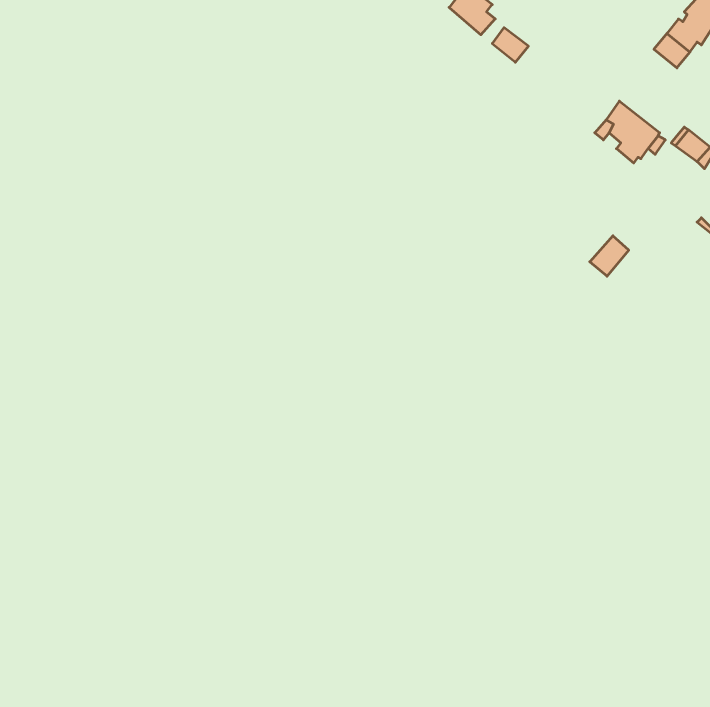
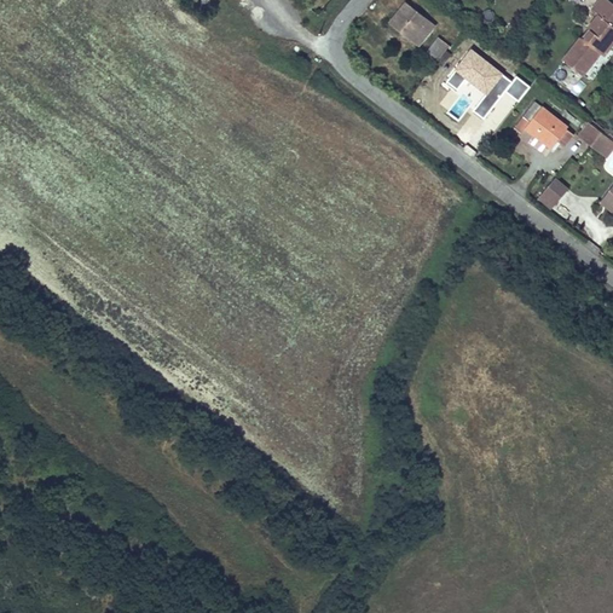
building: none -> [446,48,530,118]
building: [590,236,629,276] -> [536,175,568,209]

